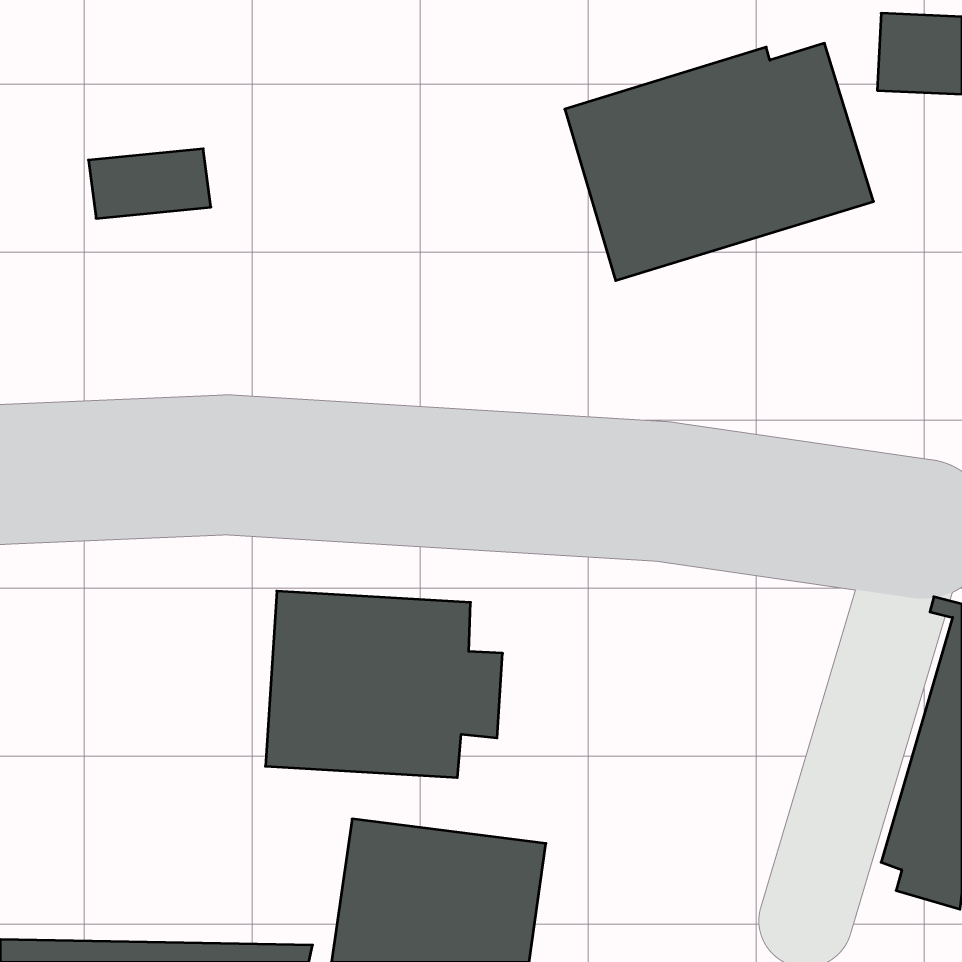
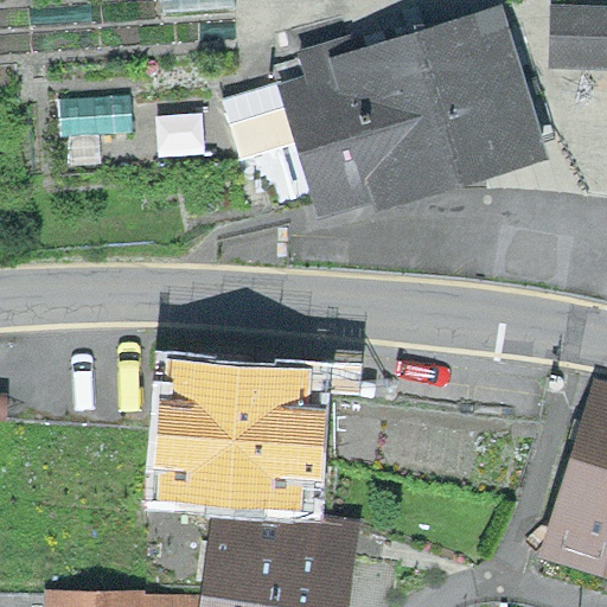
building: none -> [221,43,388,213]

